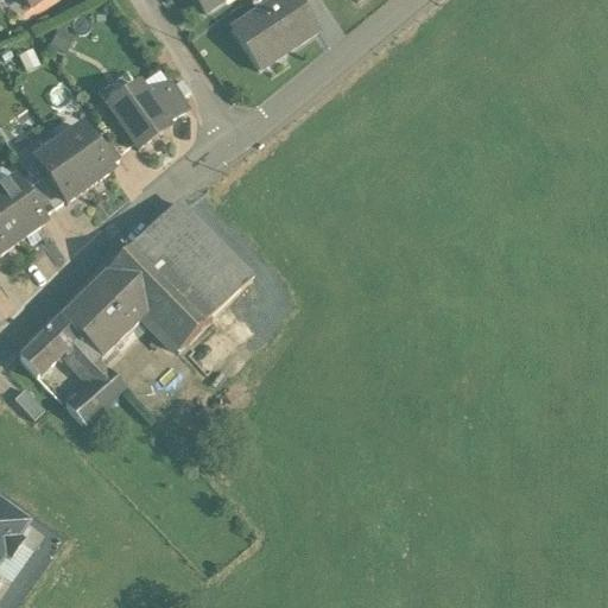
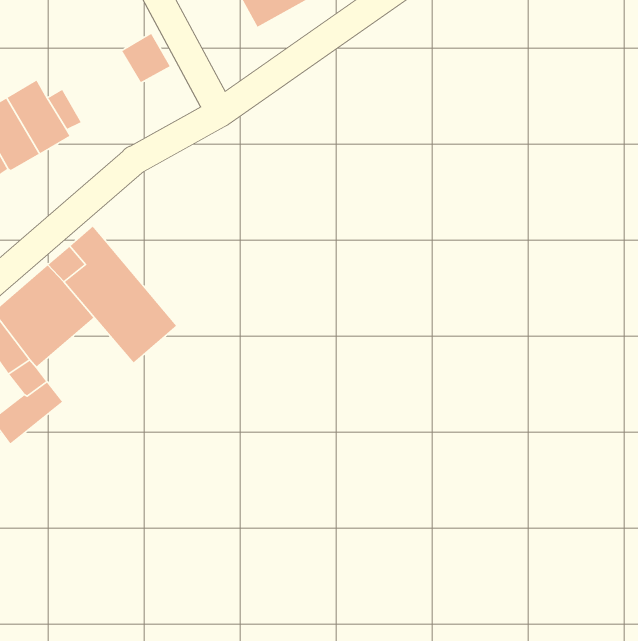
building: [107,82,167,146] -> none
building: [135,198,251,315] -> none

